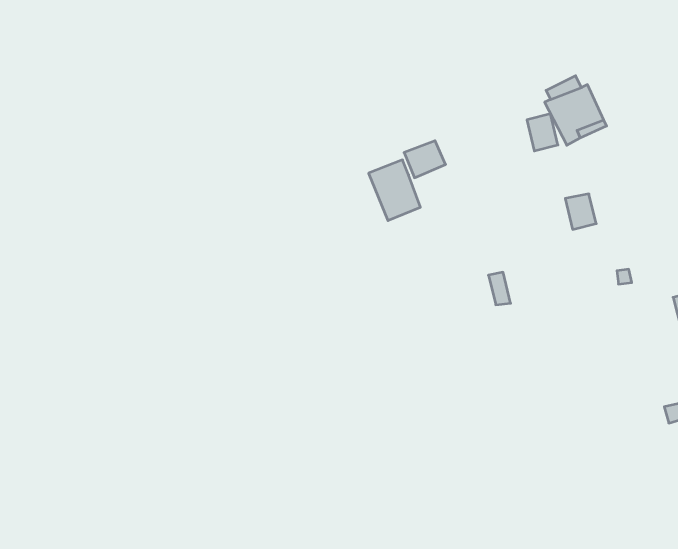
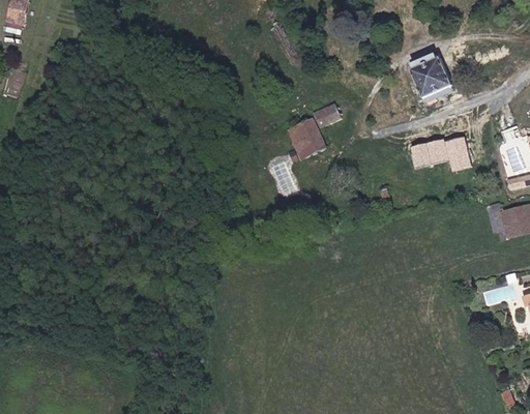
building: [527,114,558,151] -> [409,142,431,168]
building: none -> [443,136,470,170]

